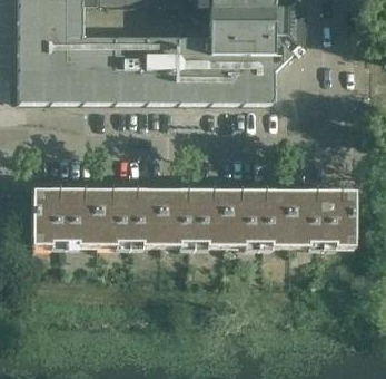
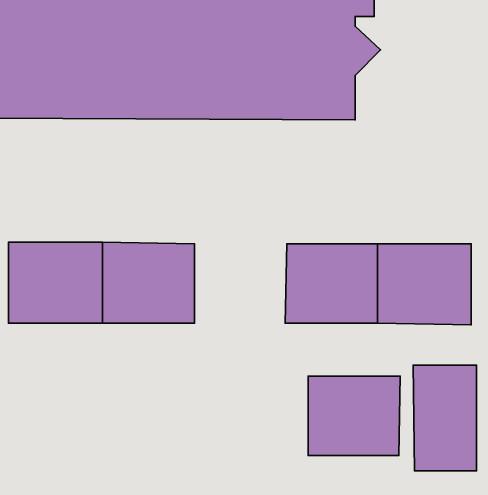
building: [161,190,226,245] -> [308,376,400,455]
building: none -> [413,365,476,471]

